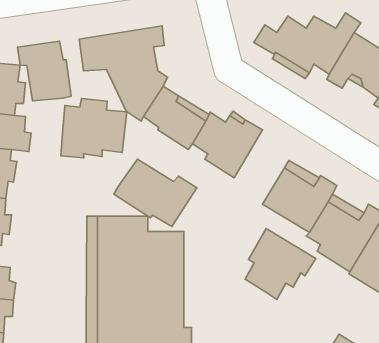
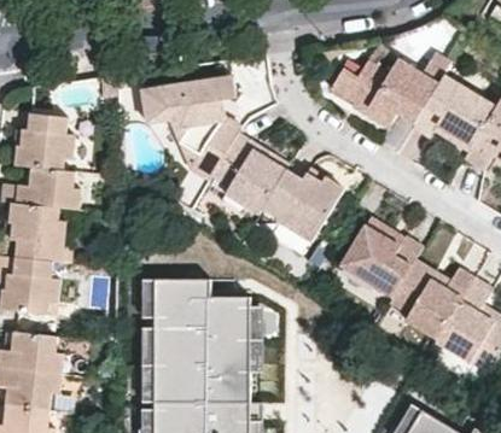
building: [18,41,71,101] -> none
building: [61,99,127,158] -> none
building: [114,159,197,226] -> none
building: [245,228,316,300] -> none

